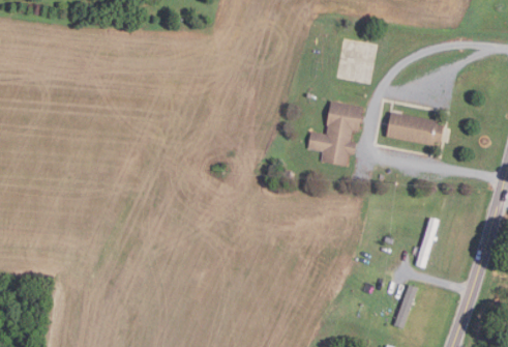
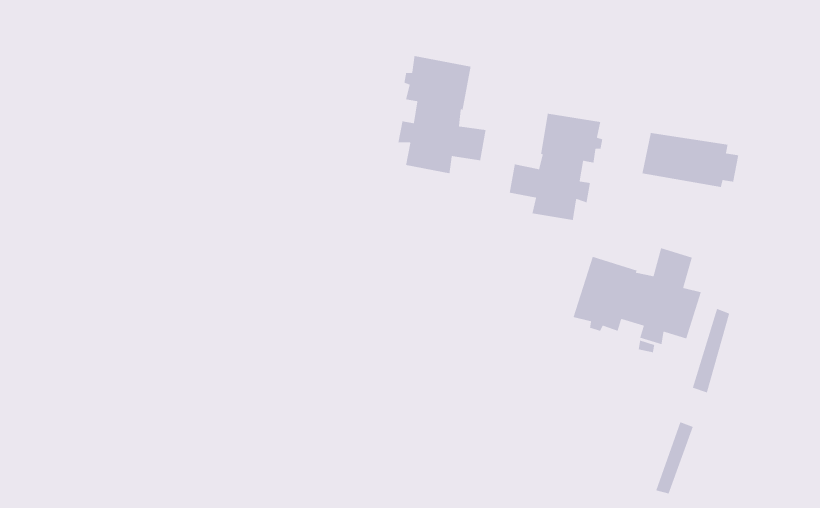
building: none -> [398,55,486,174]
building: none -> [573,247,702,345]

